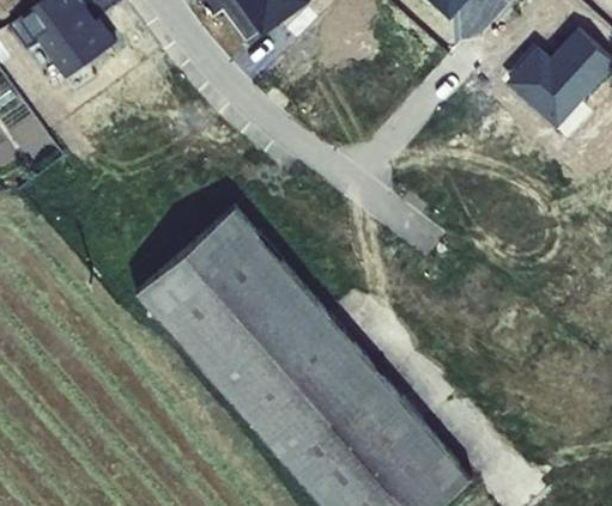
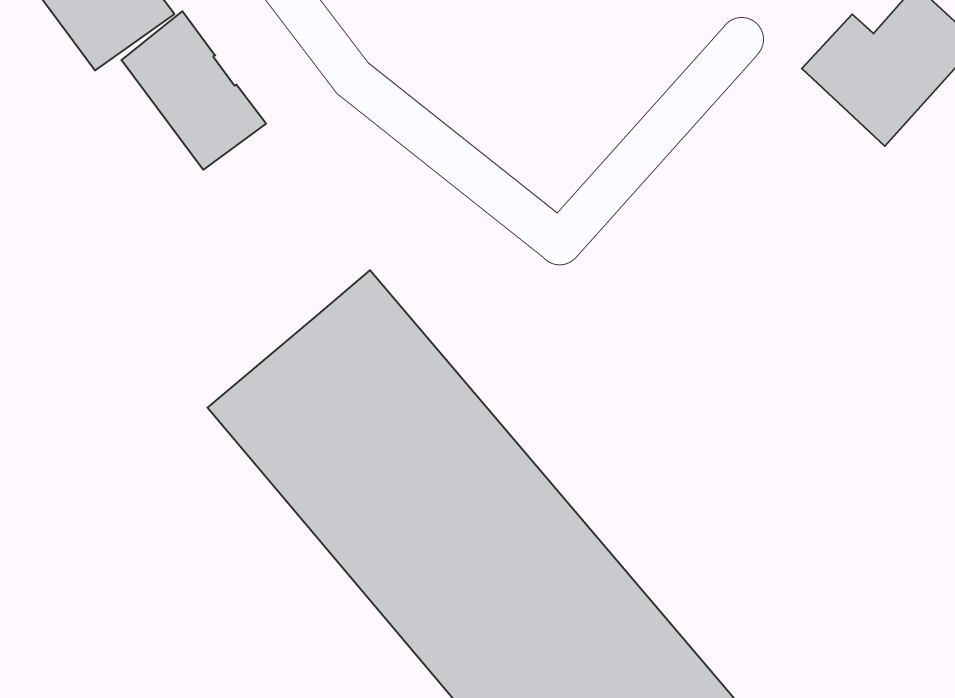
building: none -> [121,11,266,170]

